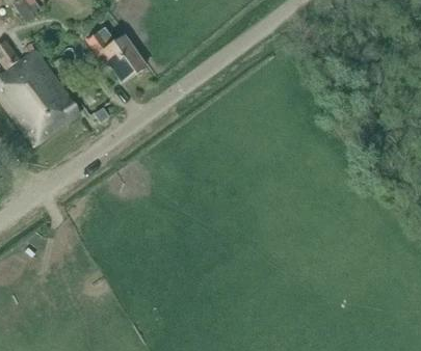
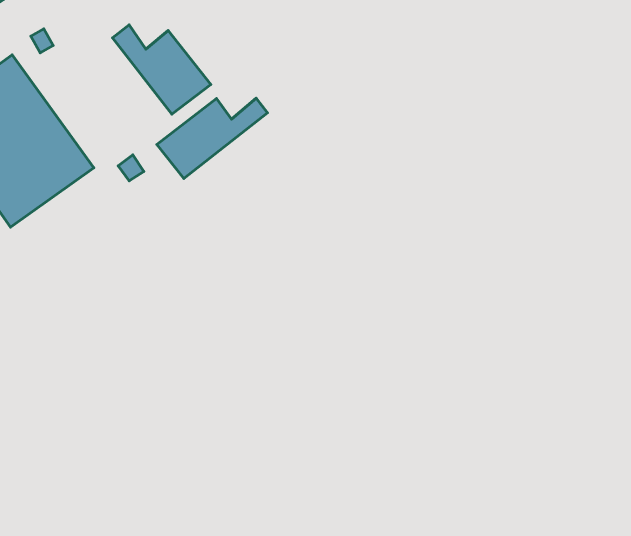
building: none -> [157,98,268,178]

